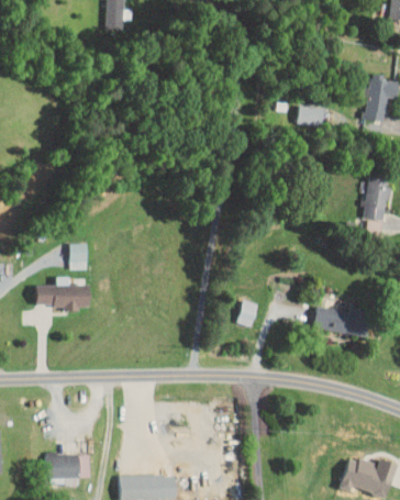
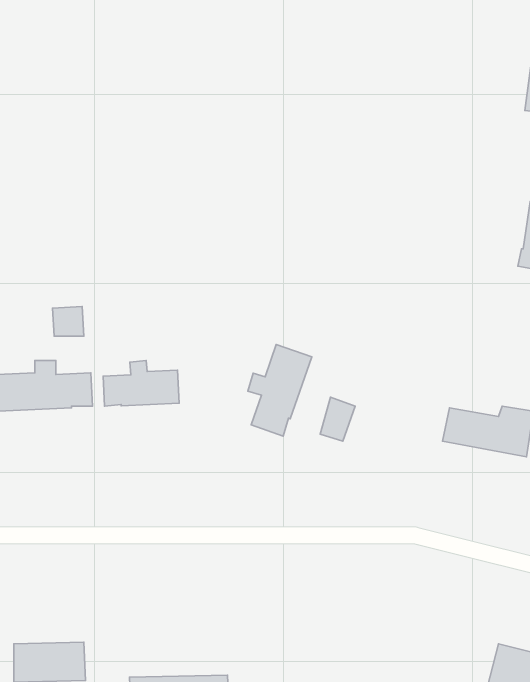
building: [293,104,324,130] -> none
building: none -> [248,344,312,436]
building: none -> [103,361,179,406]

